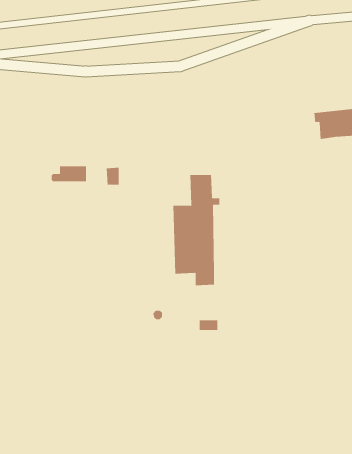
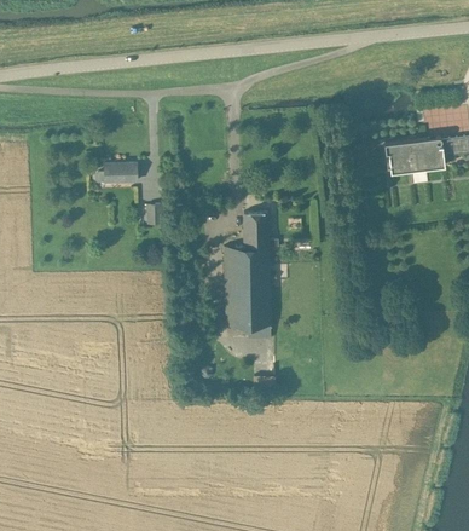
building: [51,166,87,182] -> [94,162,135,180]

